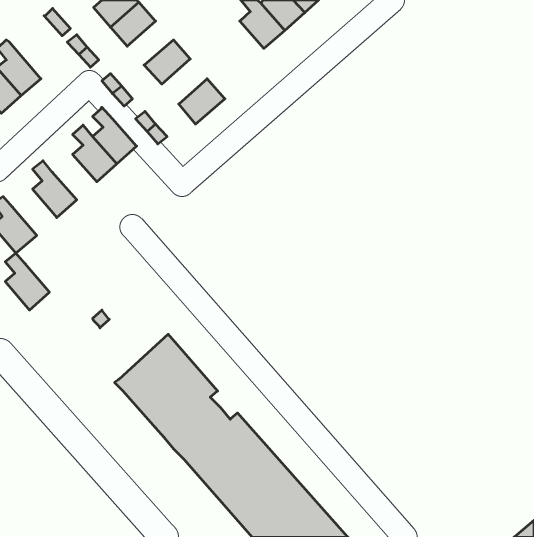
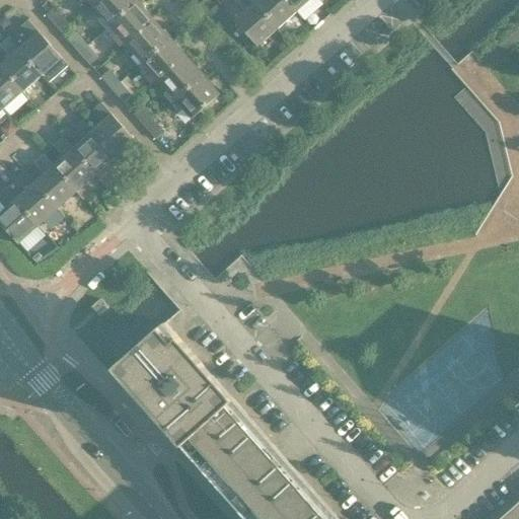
building: none -> [9,20,65,83]
building: none -> [123,20,167,63]
building: none -> [156,57,200,100]
building: none -> [51,138,93,193]
building: [5,253,49,310] -> [12,172,55,227]

